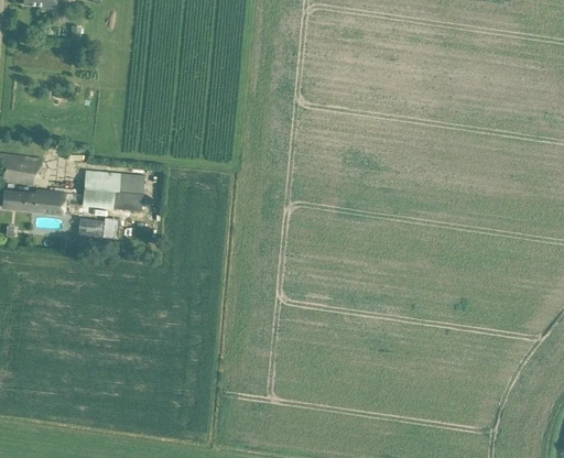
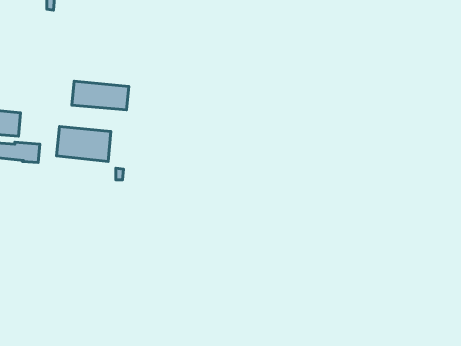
building: none -> [72,81,129,110]
building: [77,216,119,238] -> none

